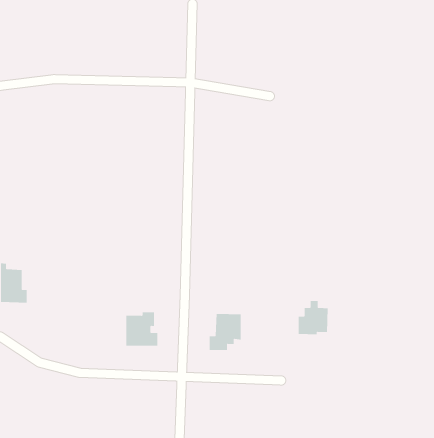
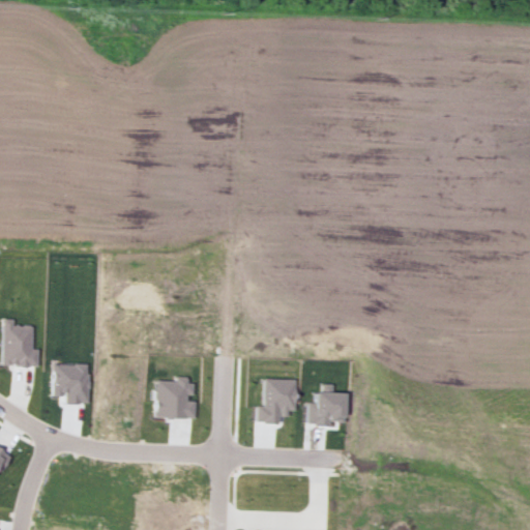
building: [298,301,329,335] -> [308,384,346,425]
building: none -> [53,363,89,405]

